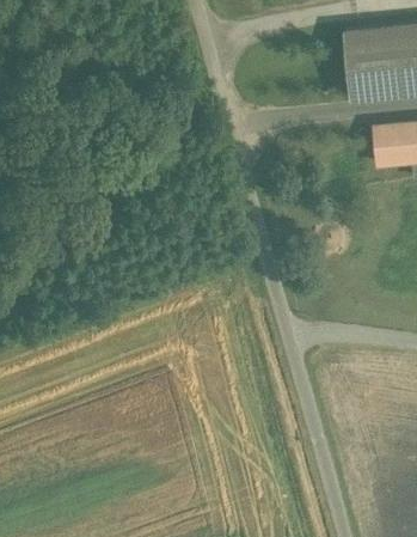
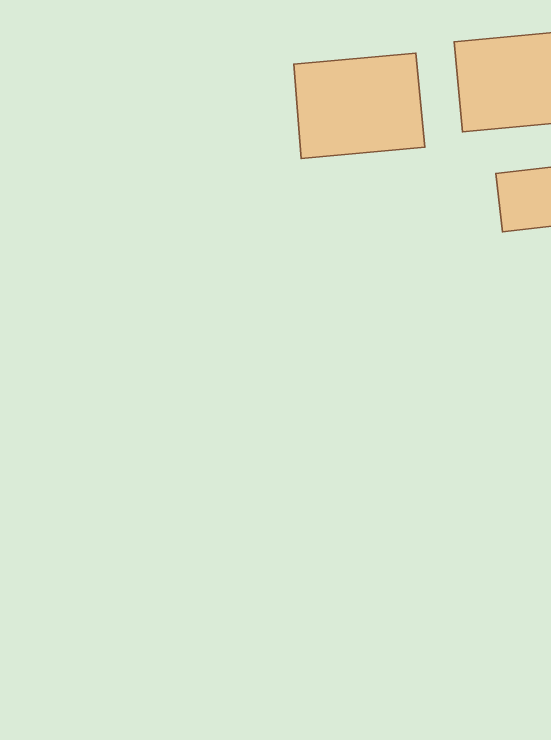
building: none -> [294,53,425,159]

